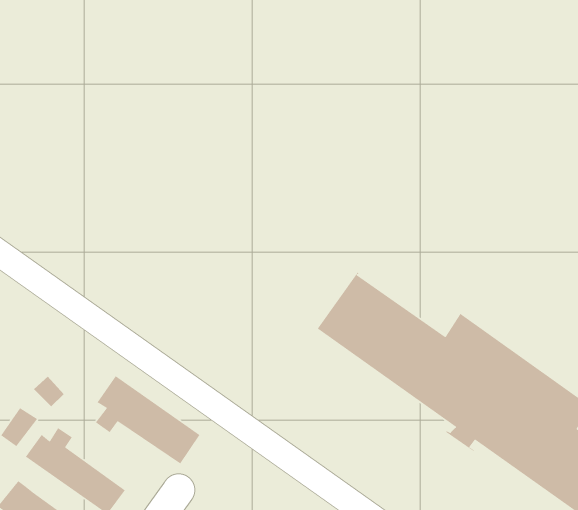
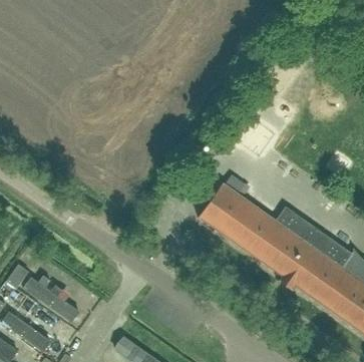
building: [95,375,200,464] -> none

